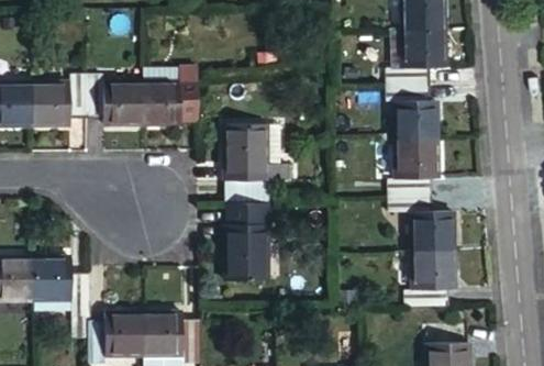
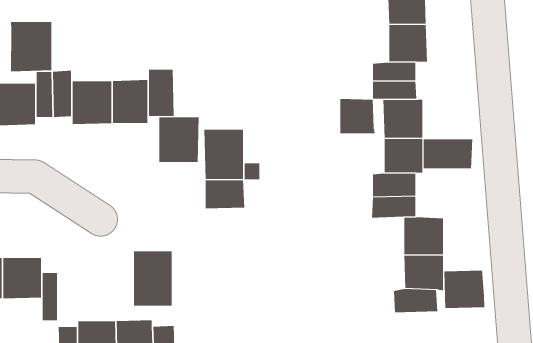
building: none -> [11,21,52,72]
building: none -> [340,98,375,134]
building: none -> [159,116,199,163]
building: none -> [423,139,473,169]
building: [229,231,266,284] -> [133,251,172,306]
building: none -> [444,270,485,309]

